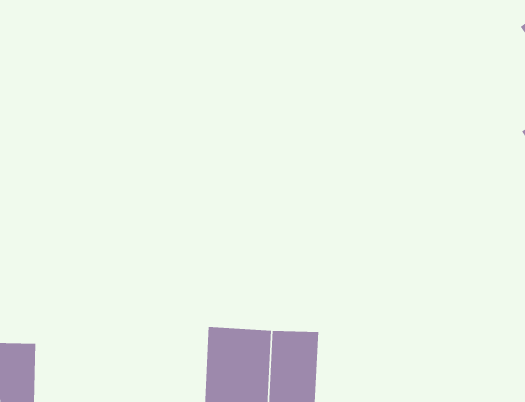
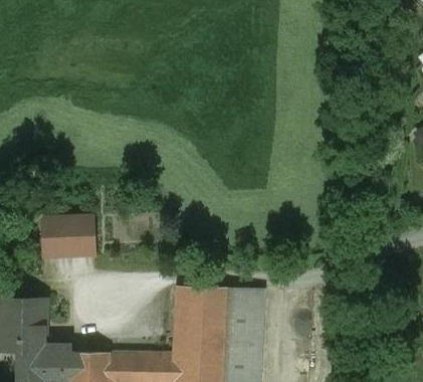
building: none -> [41,213,95,258]

